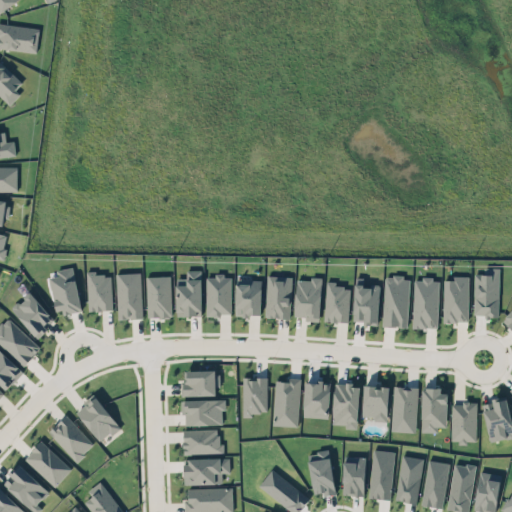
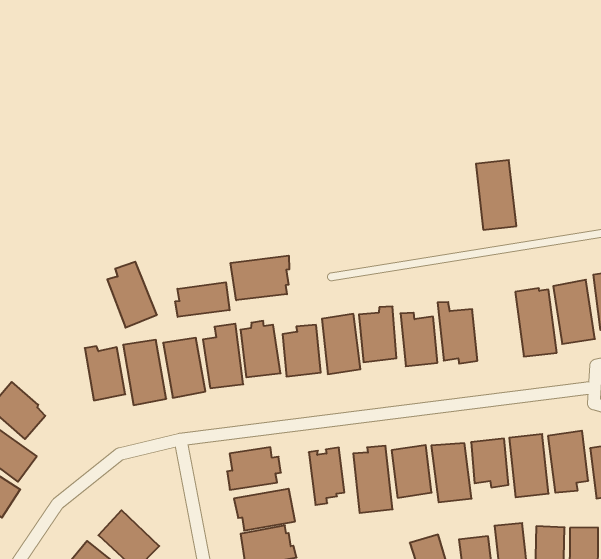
building: none -> [231,256,289,300]
building: none -> [175,282,230,317]
building: [49,268,82,316] -> [107,262,157,328]
building: [383,277,410,328] -> [476,160,516,230]

